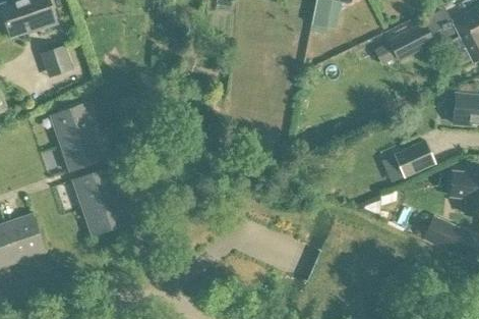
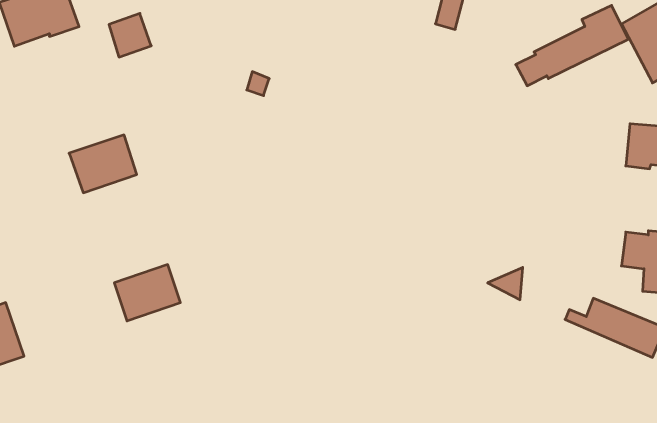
building: [43,45,73,76] -> [109,13,151,57]
building: [61,129,109,171] -> none
building: [392,142,433,177] -> none
building: [73,166,122,208] -> none
building: [5,213,47,261] -> none

